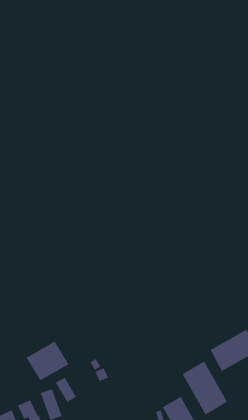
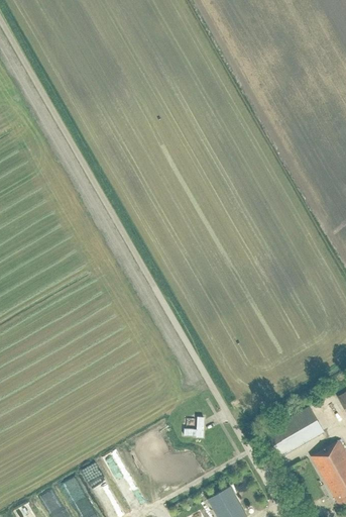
building: [26,341,69,381] -> none
building: [182,360,228,416] -> none

